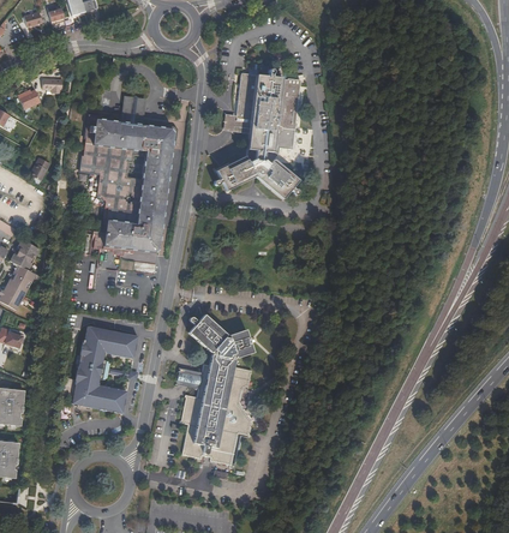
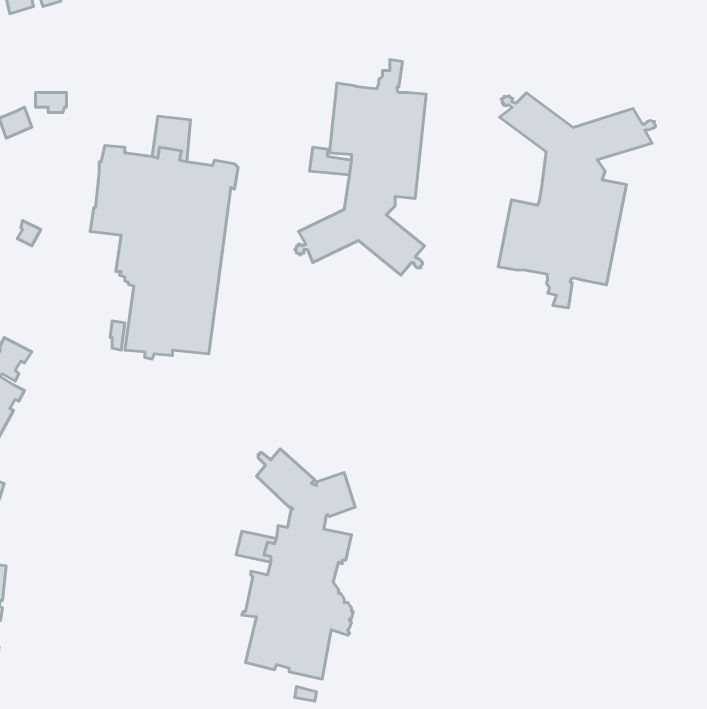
building: none -> [498,93,656,308]
building: [72,325,138,413] -> none

